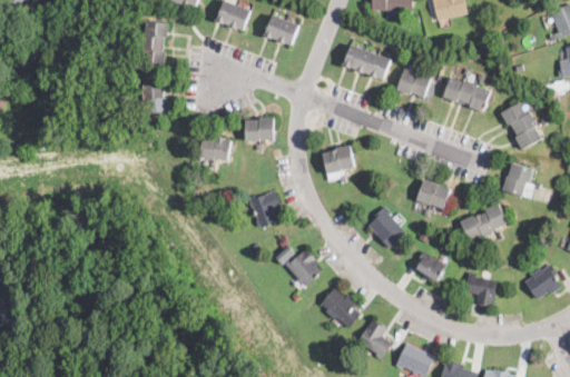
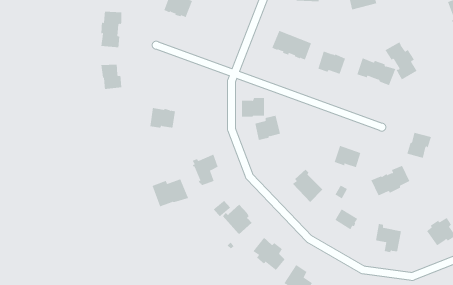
building: [264,14,298,46] -> none
building: [501,103,540,149] -> [385,42,418,80]
building: [245,118,273,141] -> [241,97,265,117]
building: none -> [152,178,189,207]

